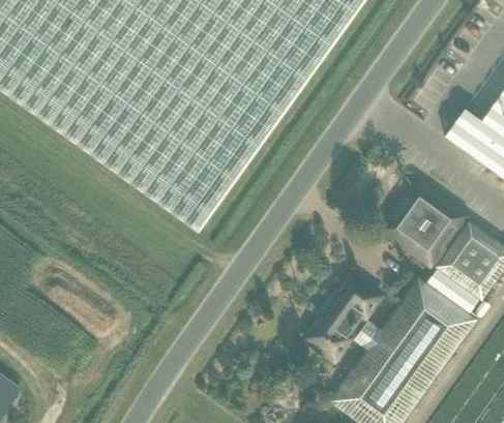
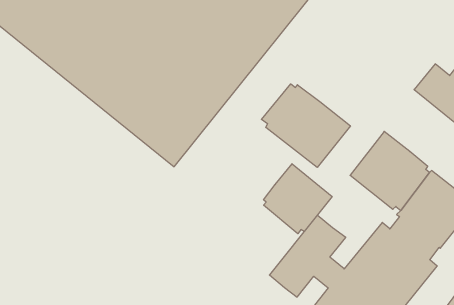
building: none -> [261,84,350,167]
building: none -> [264,164,332,234]

